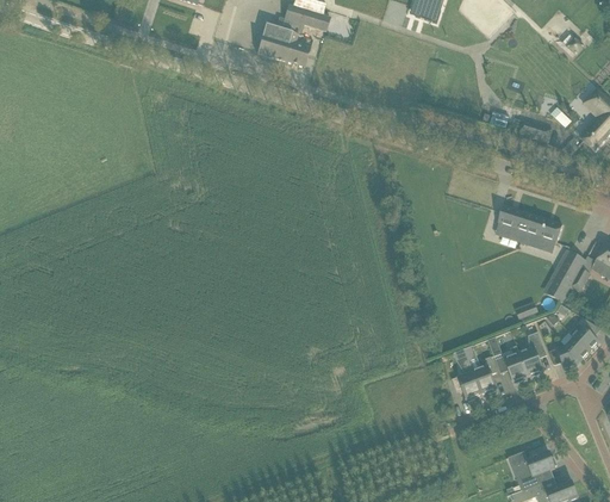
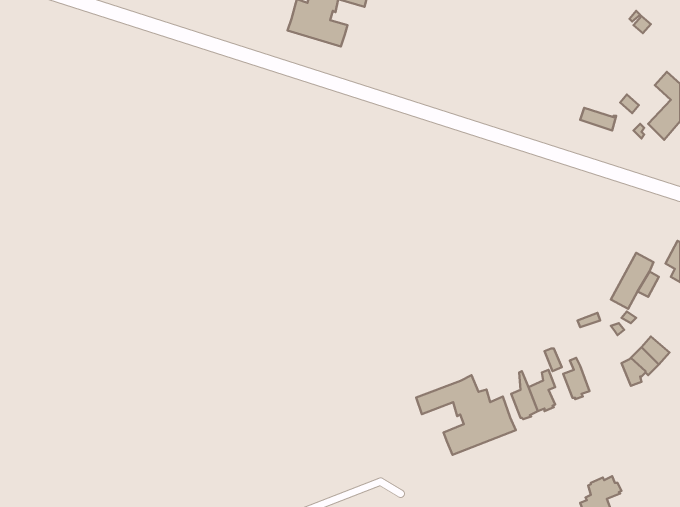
building: [498,205,562,243] -> none
building: [519,331,544,377] -> none
building: none -> [416,375,516,455]

